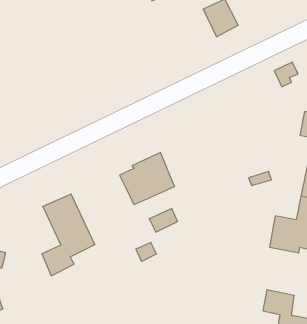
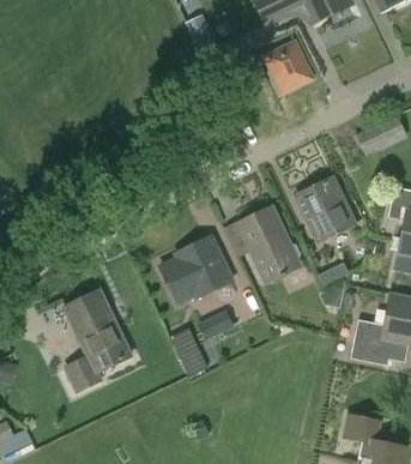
building: none -> [296,180,355,241]
building: none -> [237,207,301,282]

